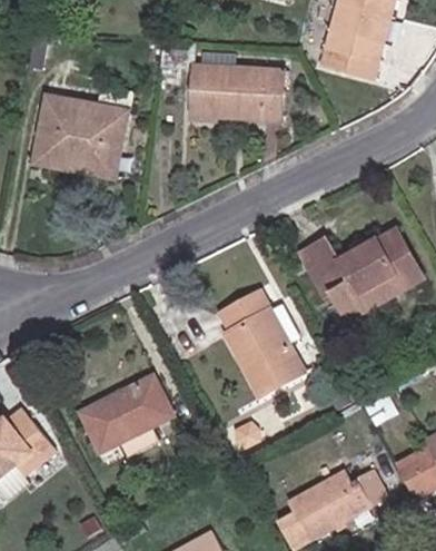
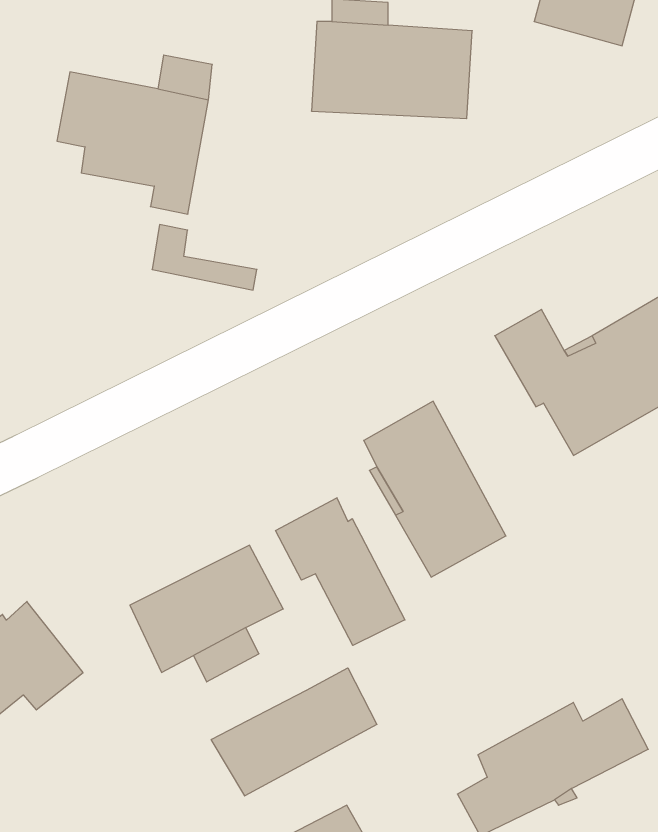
building: [32,135,95,174] -> [152,225,257,290]
building: none -> [276,498,405,645]
building: none -> [211,668,377,796]

